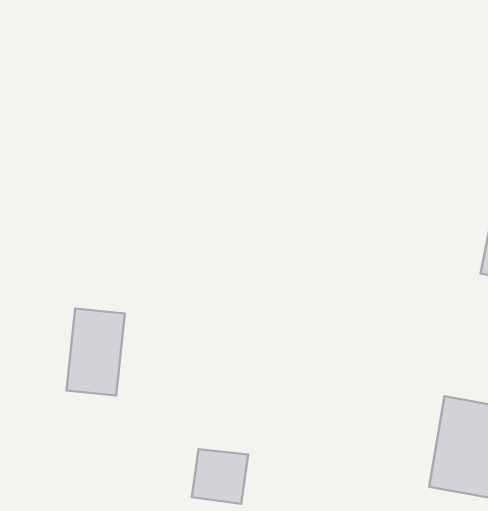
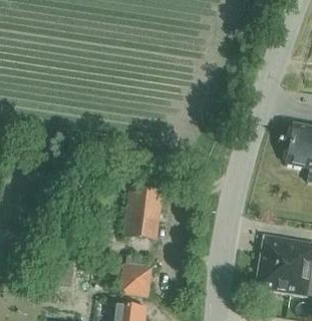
building: [67,308,125,396] -> [123,189,158,240]

